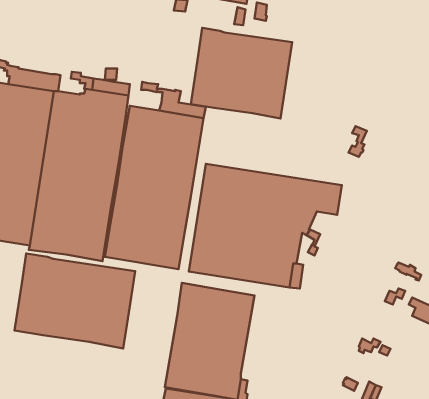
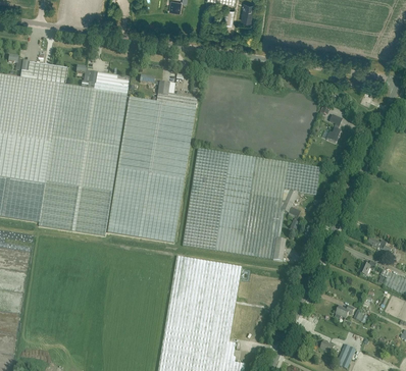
building: [191,28,292,119] -> none
building: [14,253,135,348] -> none

